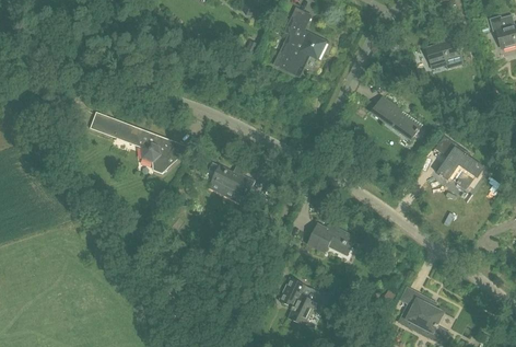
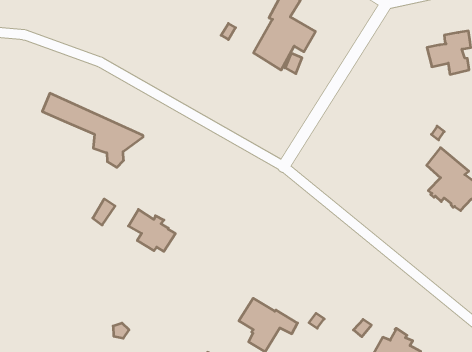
building: [374,97,420,140] -> none
building: [211,164,253,199] -> [128,209,175,251]
building: [307,223,355,254] -> none

